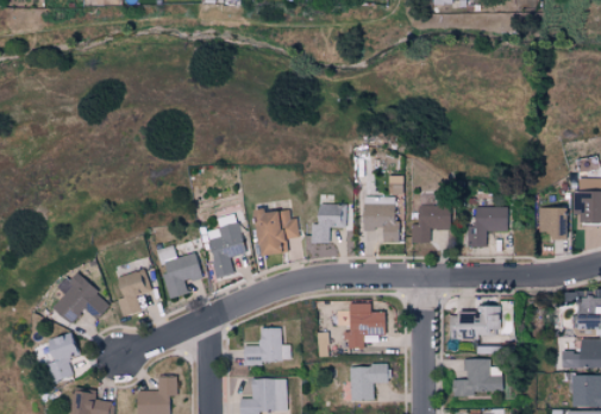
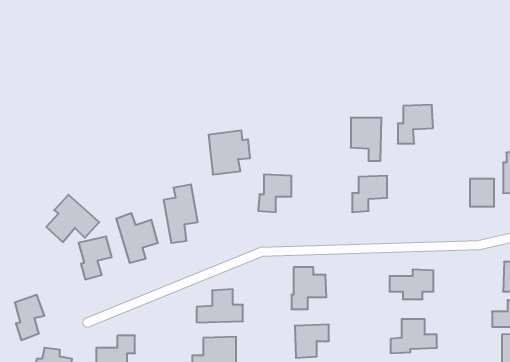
building: [364,196,397,243] -> [351,118,382,161]
building: [469,206,507,247] -> [398,105,433,144]
building: [253,208,299,256] -> [208,130,250,175]
building: [55,274,112,325] -> [46,195,99,242]

